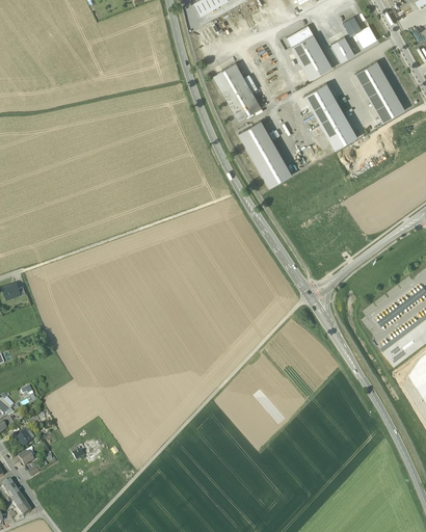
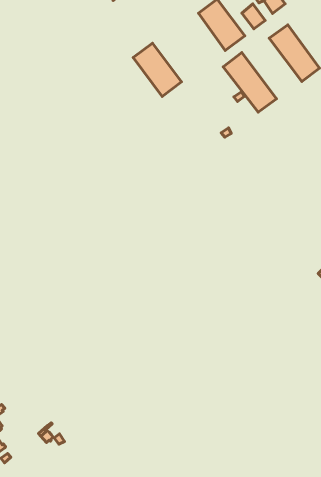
building: [240,121,293,187] -> none

